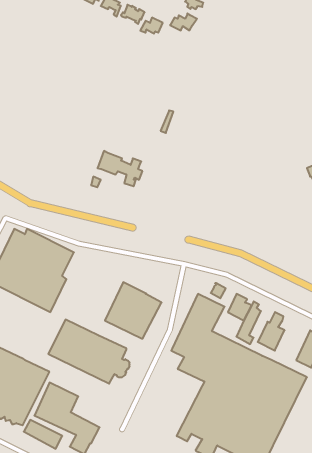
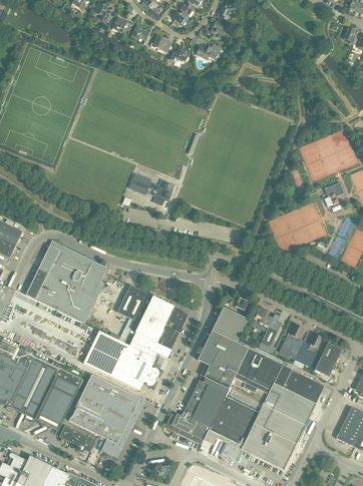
building: none -> [115,285,147,321]
building: none -> [128,332,169,358]
building: none -> [294,334,321,367]
building: none -> [82,375,144,432]
building: none -> [165,378,228,445]

